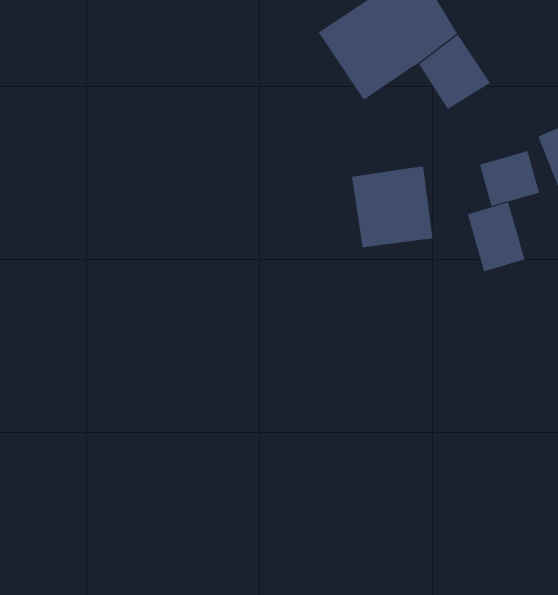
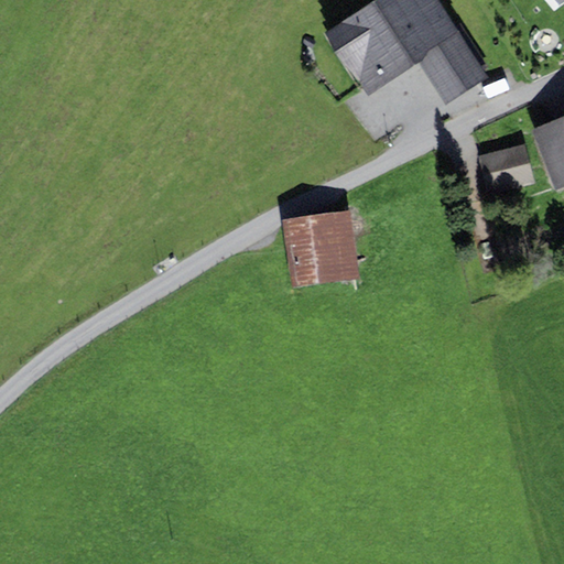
building: [351,166,433,248] -> [283,210,360,288]
building: [467,202,525,272] -> none

